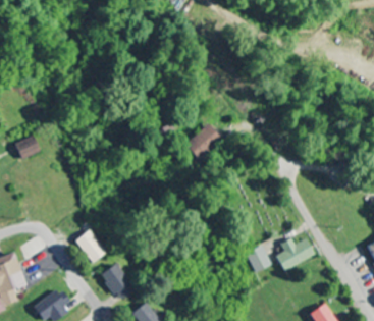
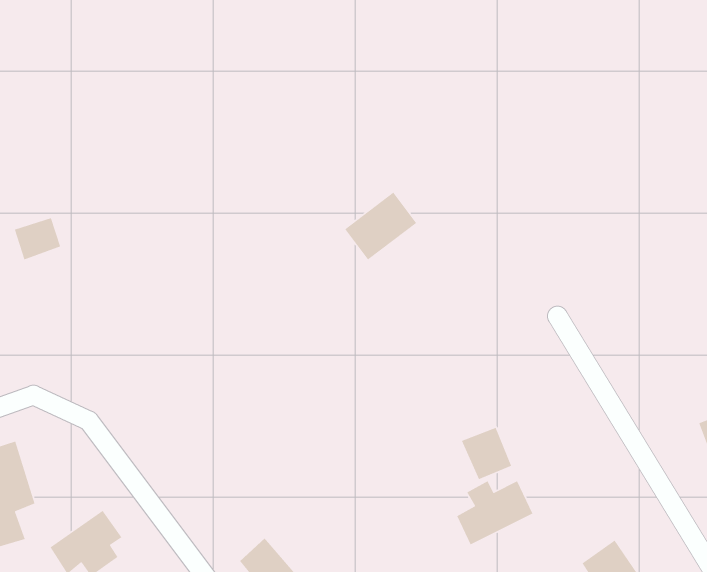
building: [75,228,108,263] -> none
building: [276,237,316,271] -> [456,480,533,545]
building: [100,263,135,301] -> none

